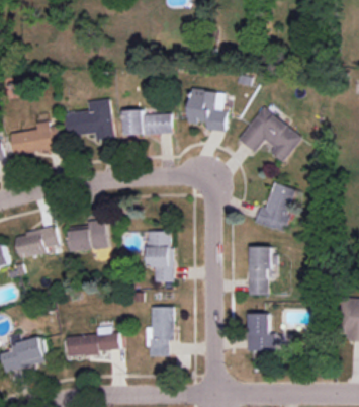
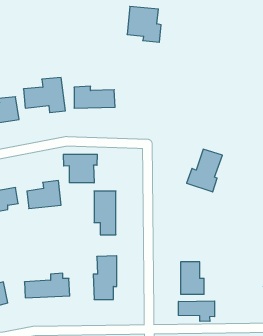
building: [187,89,227,131] -> [127,6,161,42]
building: [238,106,301,162] -> none
building: none -> [63,154,97,183]
building: [248,246,277,295] -> none
building: none -> [178,301,215,321]

